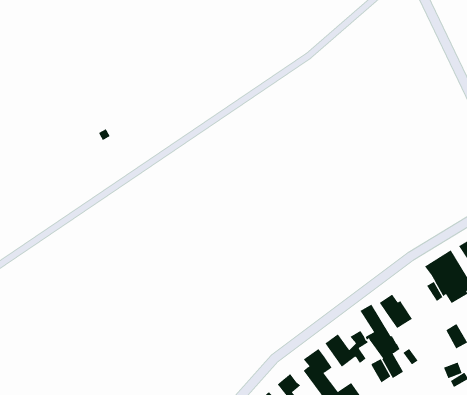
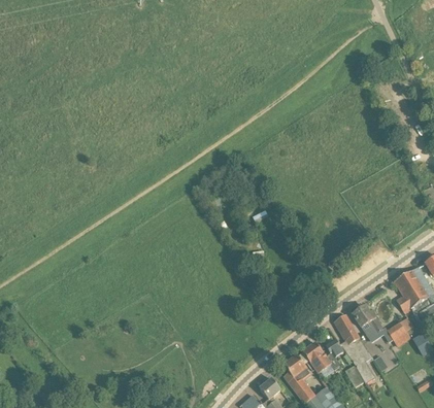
building: none -> [388,317,413,346]

